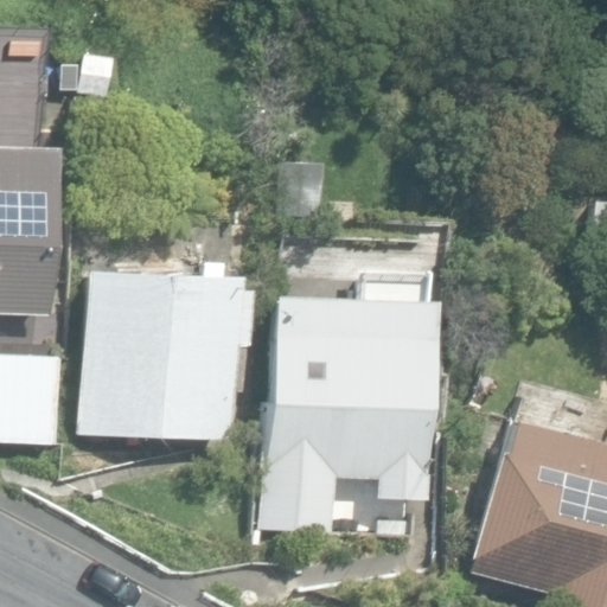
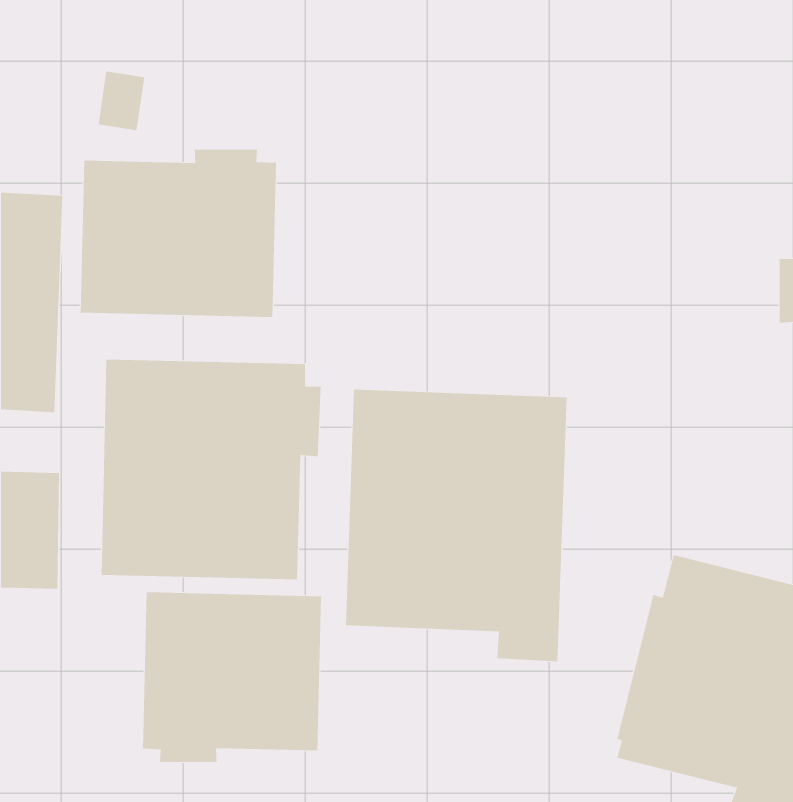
building: none -> [80,149,277,318]
building: none -> [142,591,321,763]

